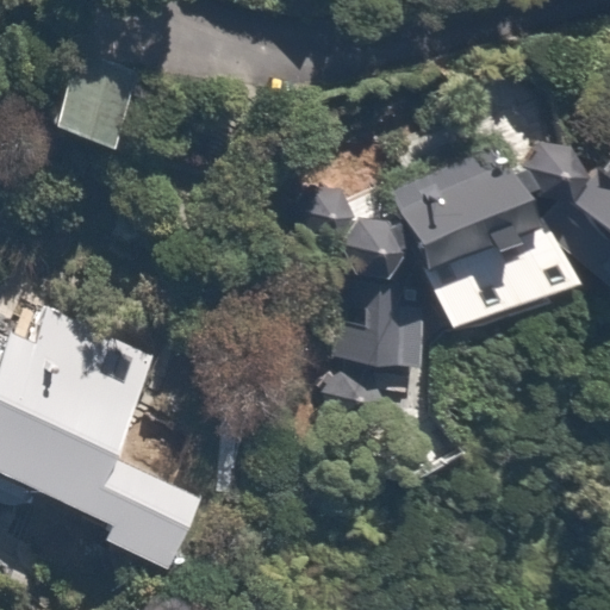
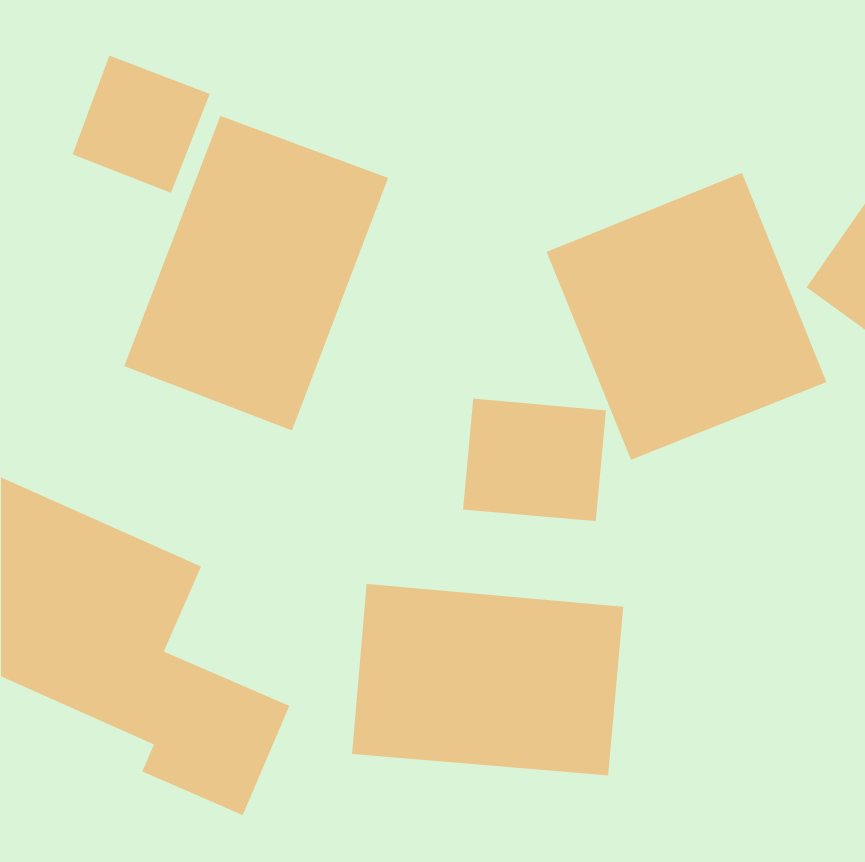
building: none -> [123,115,389,431]
building: none -> [351,583,624,776]

